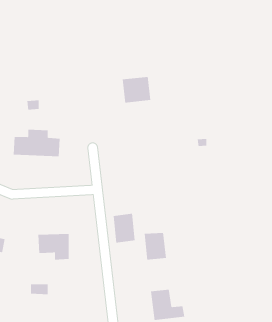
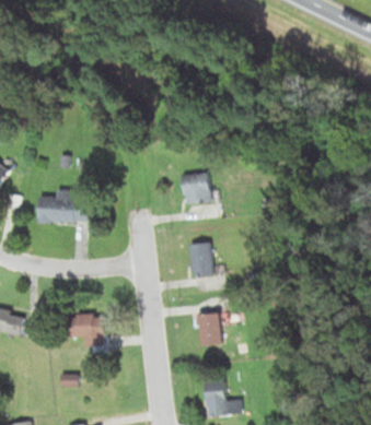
building: [122,77,151,103] -> [178,173,213,204]
building: [113,213,136,243] -> [187,243,215,279]

